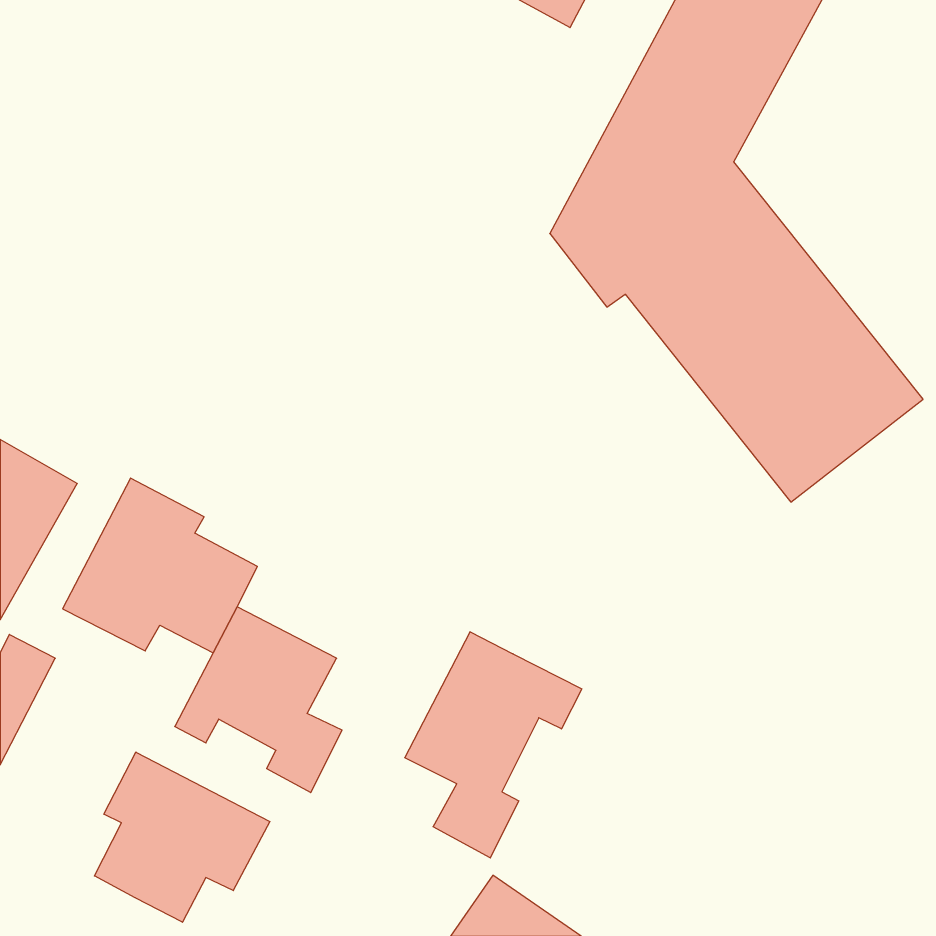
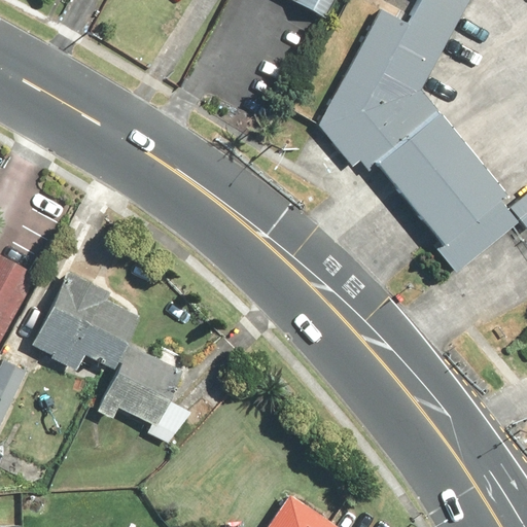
building: [405,632,582,858] -> none
building: [94,752,270,922] -> none

